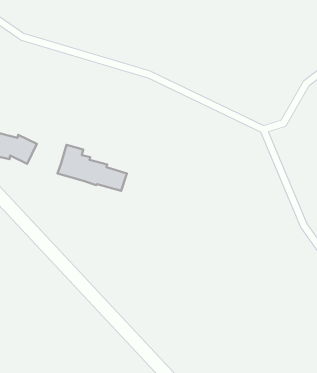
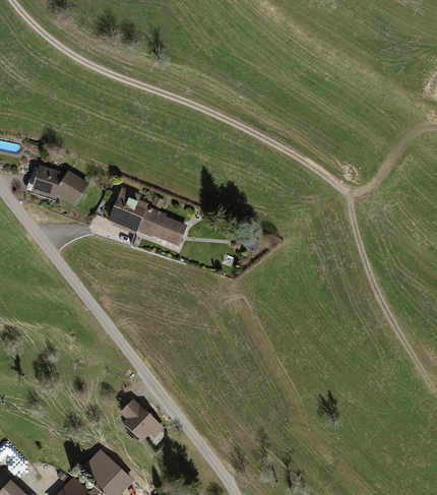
building: none -> [121,399,162,440]

